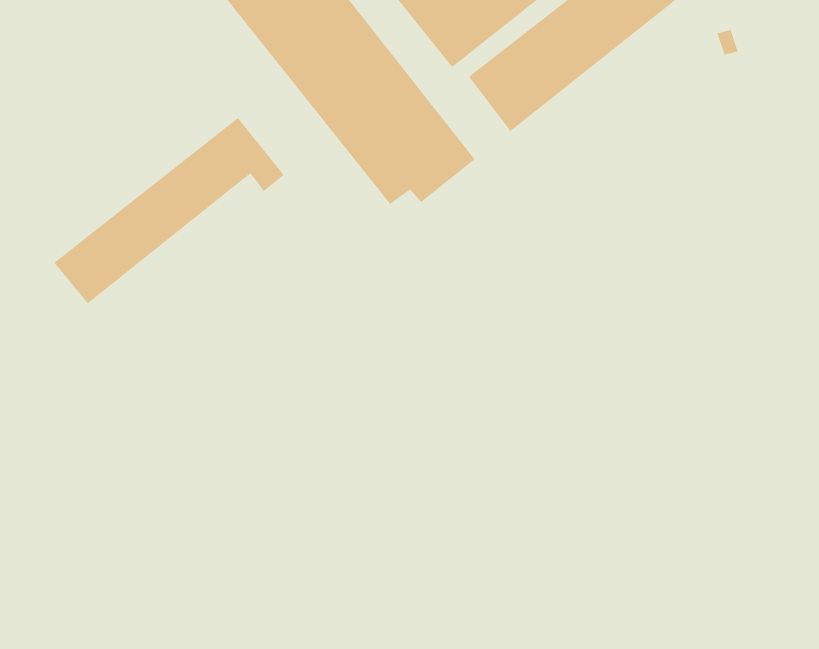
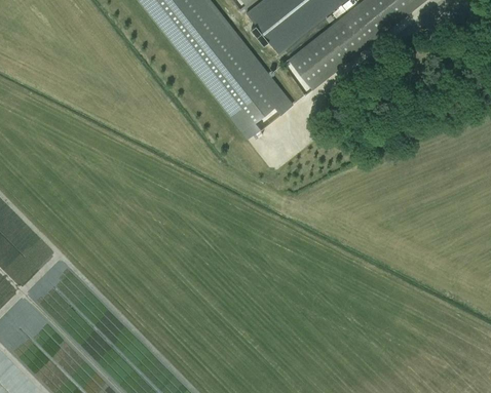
building: [54,117,284,304] -> none

